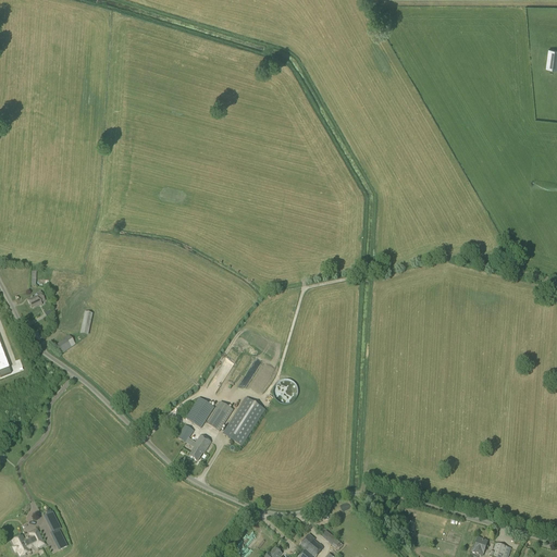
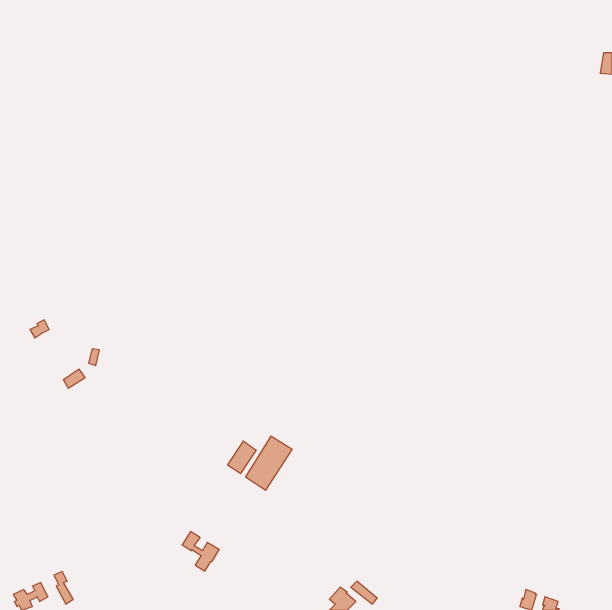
building: [186,397,214,428] -> none
building: [177,424,211,460] -> [182,532,219,571]

